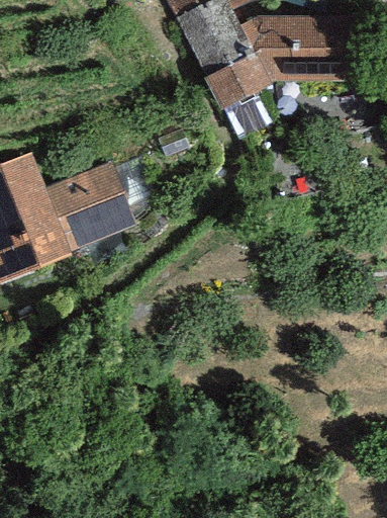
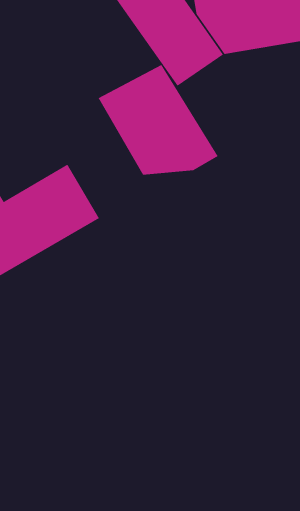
building: none -> [98,64,219,176]

